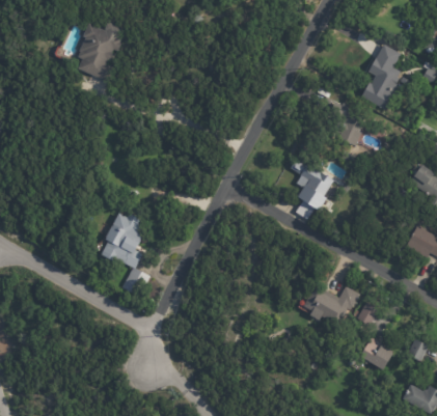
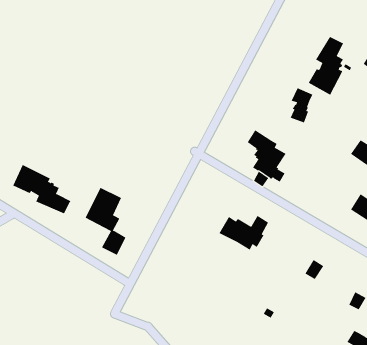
building: [77,23,122,82] -> none
building: none -> [13,164,71,214]
building: [301,285,359,326] -> [219,215,269,250]
building: [360,338,393,370] -> none

